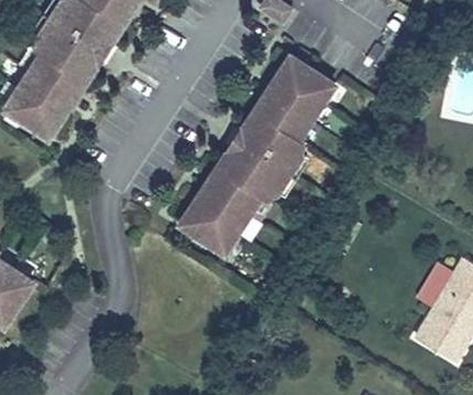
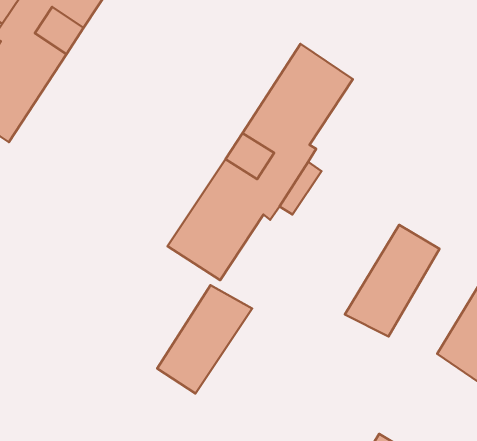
building: none -> [345,225,440,337]
building: none -> [157,285,252,394]

